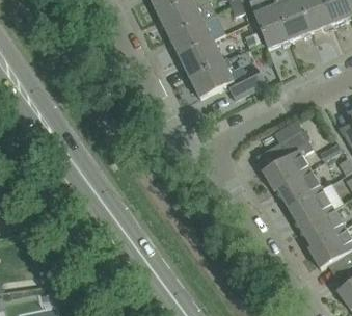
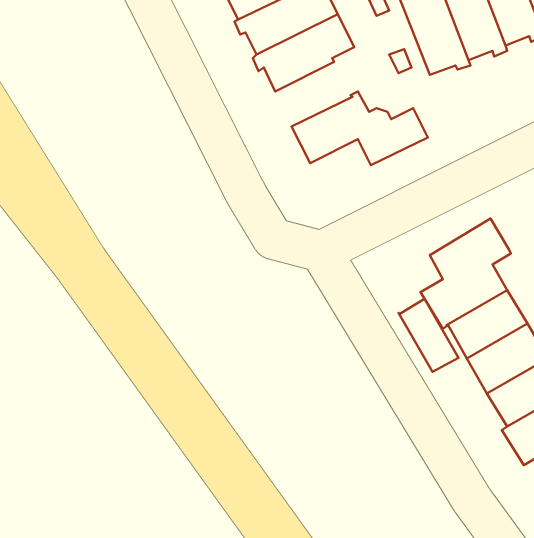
building: [177,41,223,77] -> none
building: none -> [398,299,459,372]

